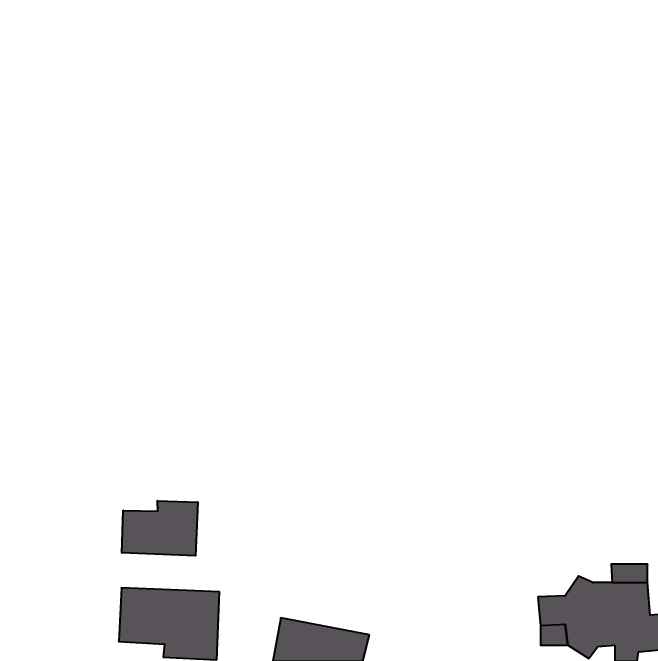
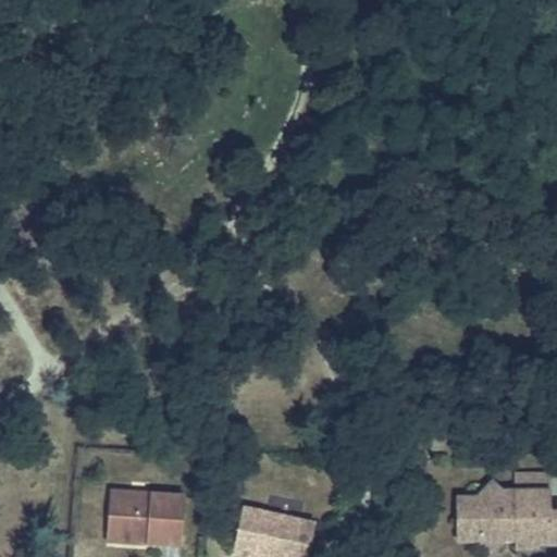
building: [122,501,198,556] -> none

